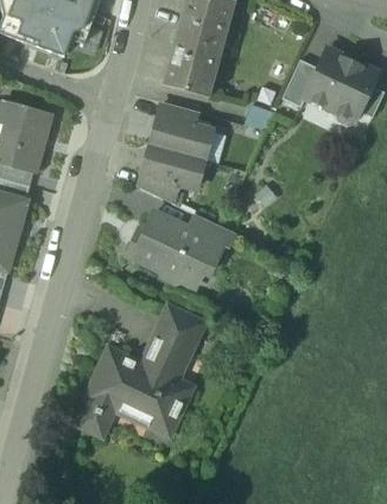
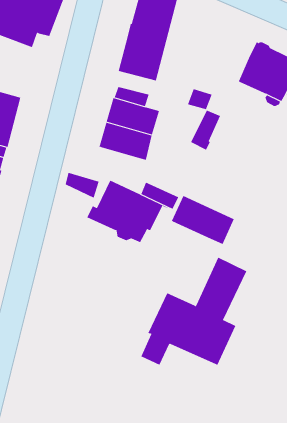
building: [281,59,317,107] -> [190,110,221,150]
building: [140,174,180,204] -> [65,172,99,199]
building: none -> [171,195,235,245]
building: [78,307,203,434] -> [140,257,247,366]

